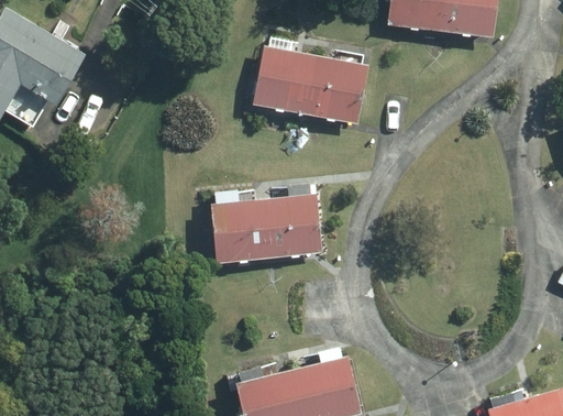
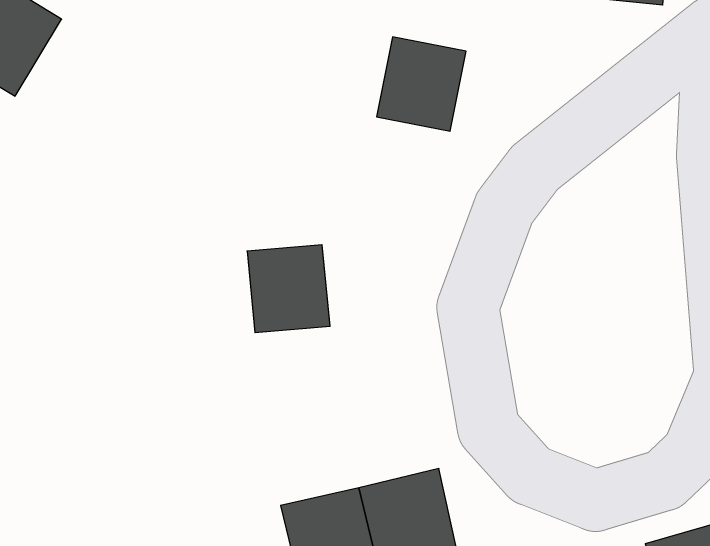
building: [252,50,312,114] -> none
building: [264,197,321,259] -> none

